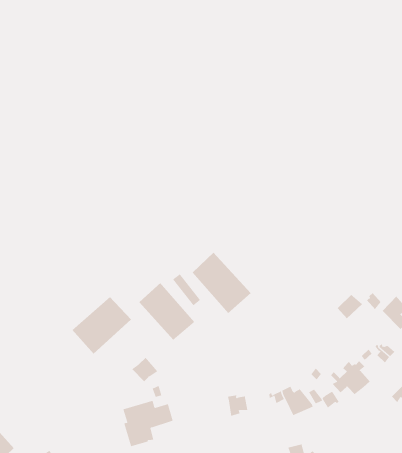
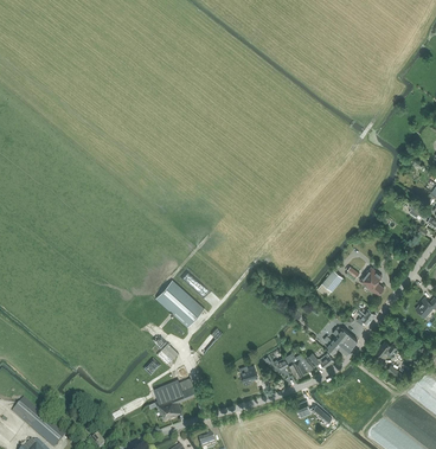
building: [192,252,251,314] -> none
building: [72,296,132,355] -> none

